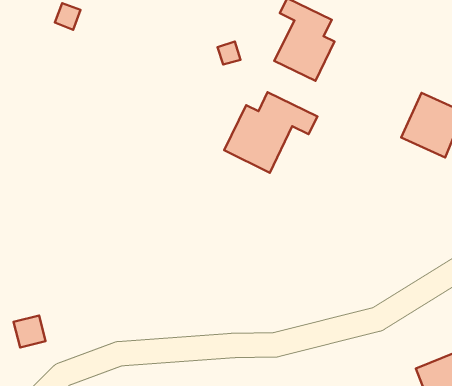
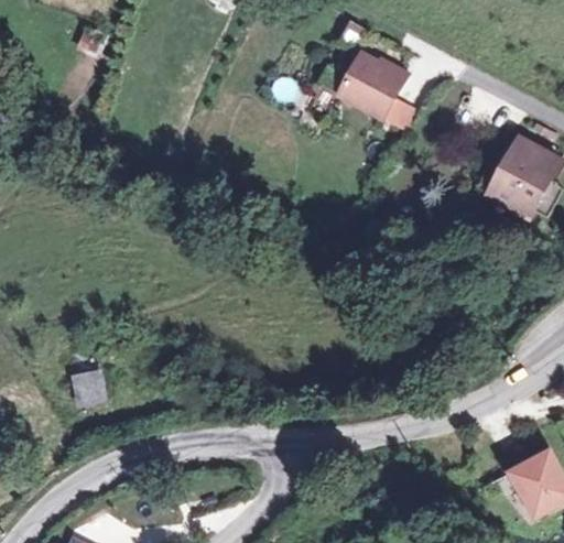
building: [224,92,318,173] -> none
building: [14,316,46,348] -> [69,368,108,406]

